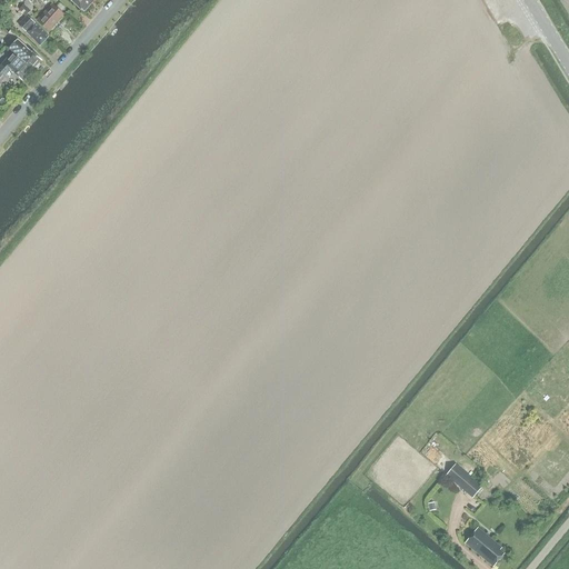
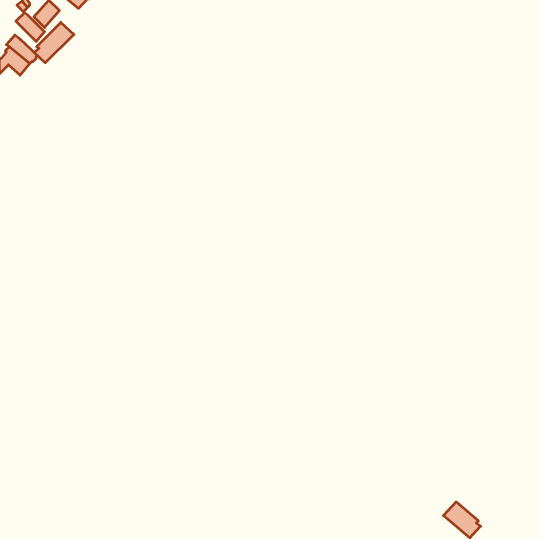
building: none -> [34,22,74,63]
building: [443,461,480,496] -> none

